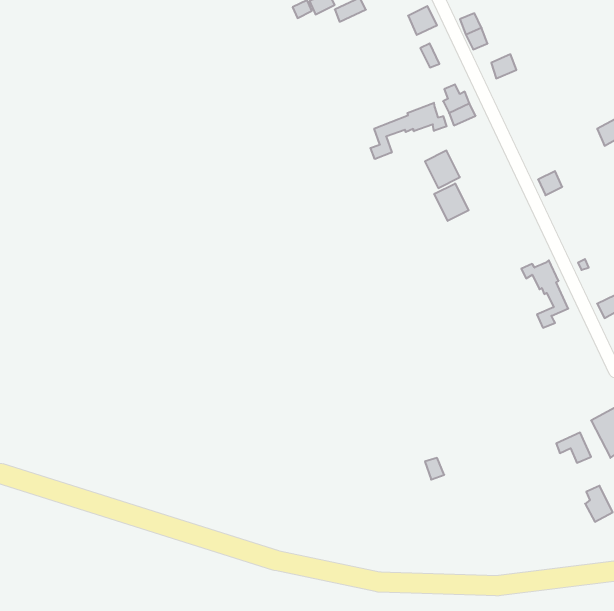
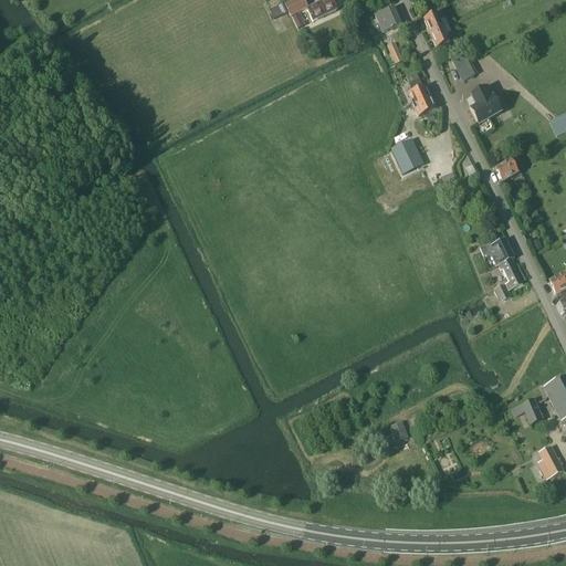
building: none -> [471,85,502,122]
building: [370,103,447,159] -> none
building: [434,183,469,221] -> none

